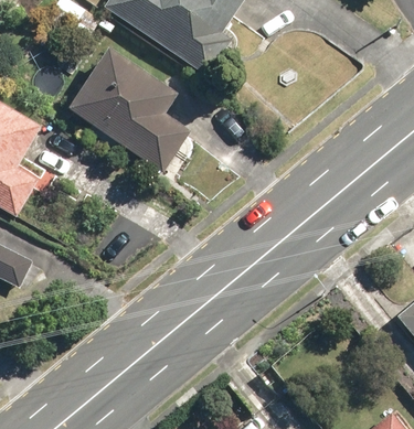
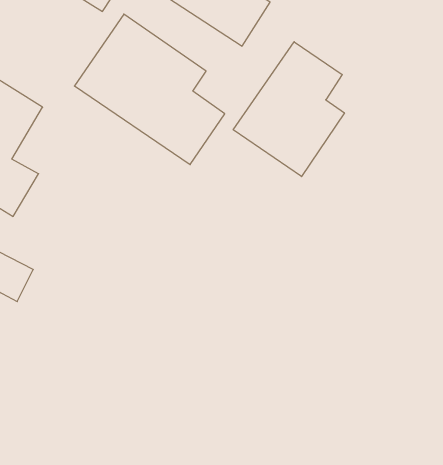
building: none -> [233,42,344,177]

